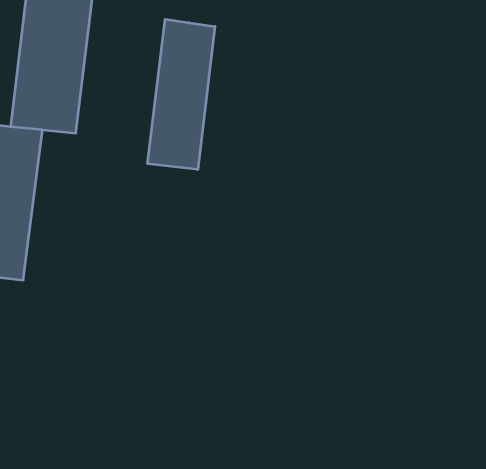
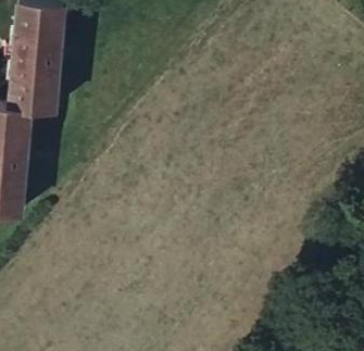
building: [148,19,215,170] -> none

